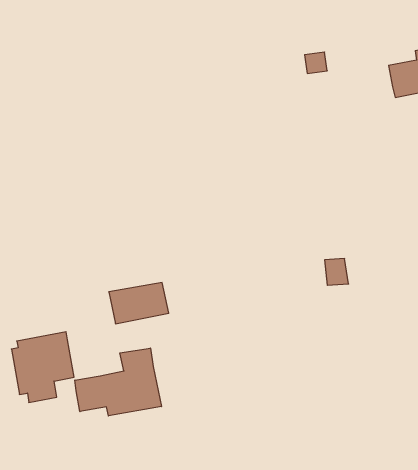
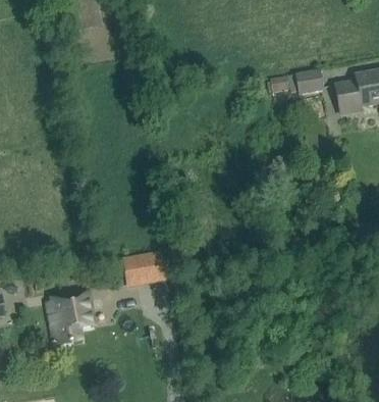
building: none -> [288,68,323,94]
building: [75,348,161,416] -> none

